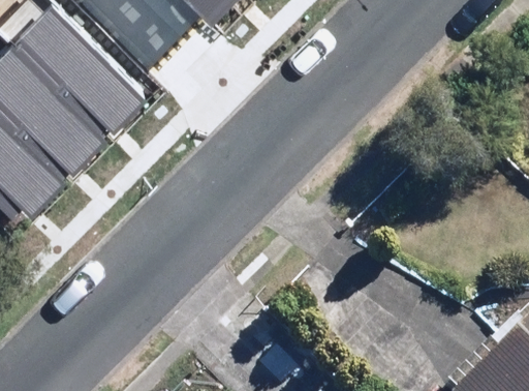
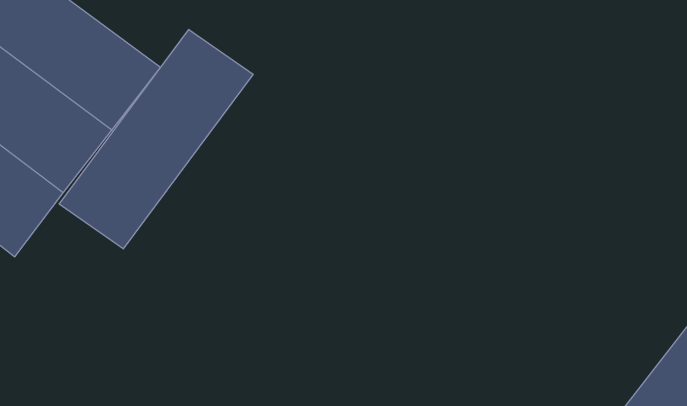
building: none -> [59,29,253,249]

